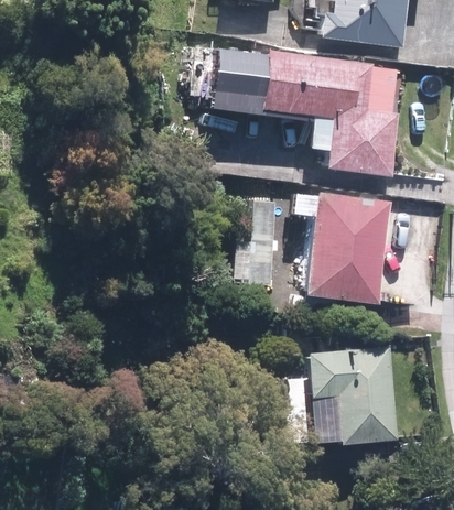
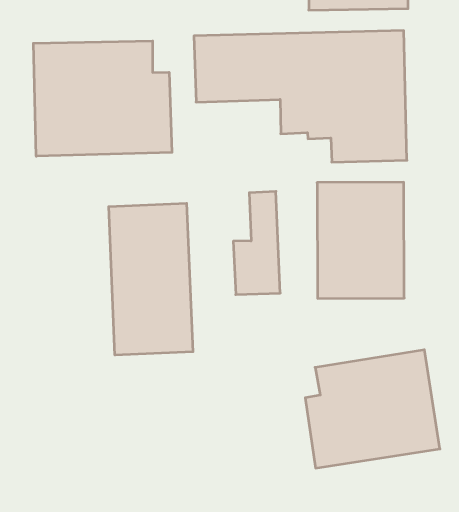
building: none -> [33,41,172,156]
building: none -> [109,203,193,355]

